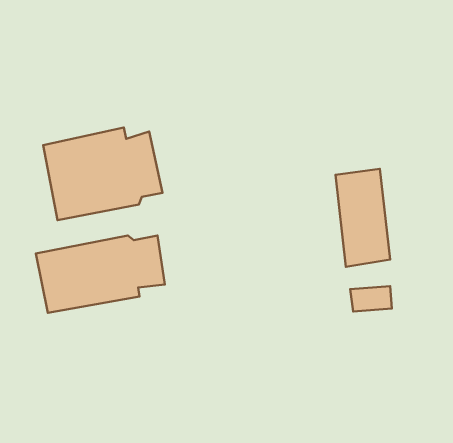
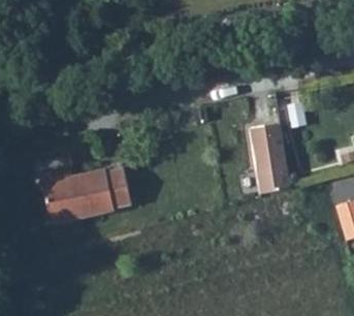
building: [43,128,163,220] -> none

